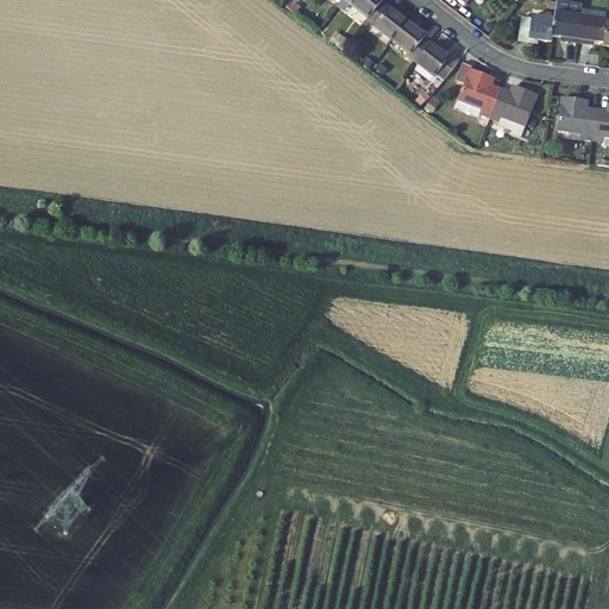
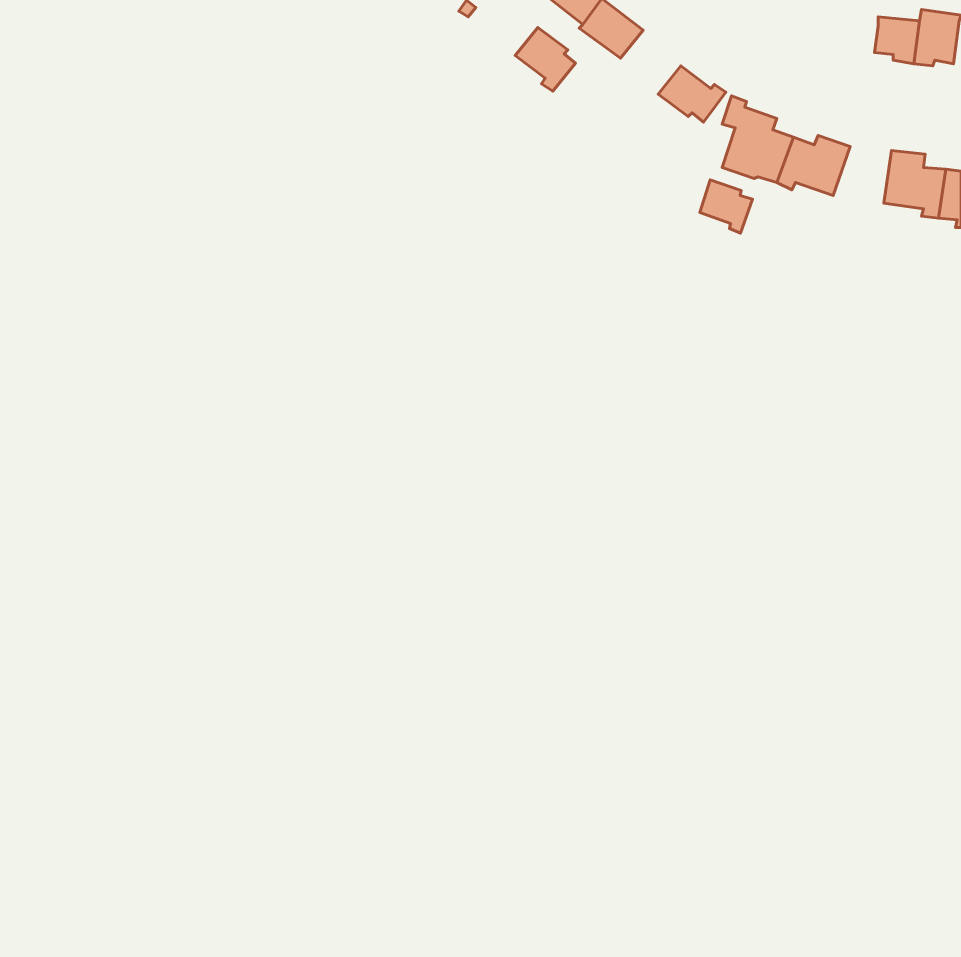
building: [519,13,555,40] -> none
building: [393,19,431,59] -> [515,27,575,91]
building: none -> [700,180,752,233]

